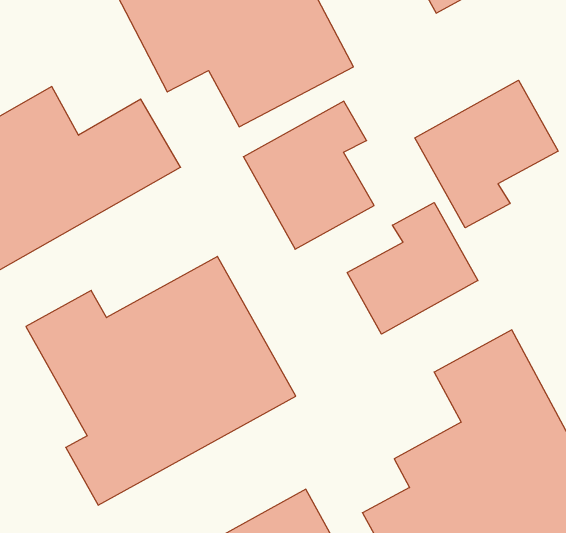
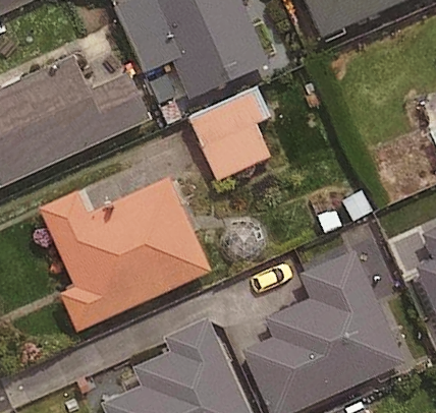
building: [415,80,558,228] -> none
building: [347,203,478,334] -> none

